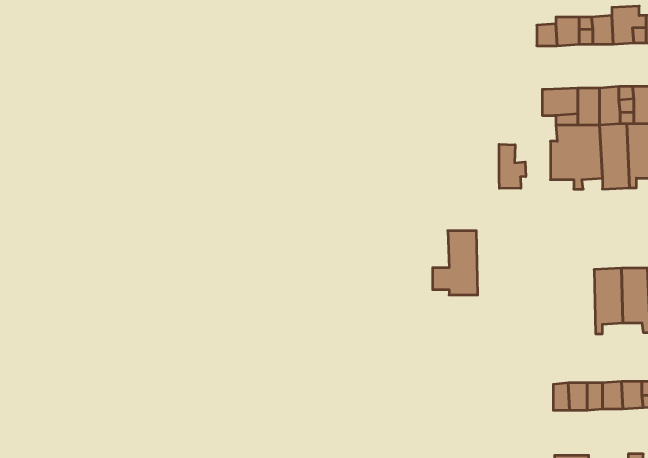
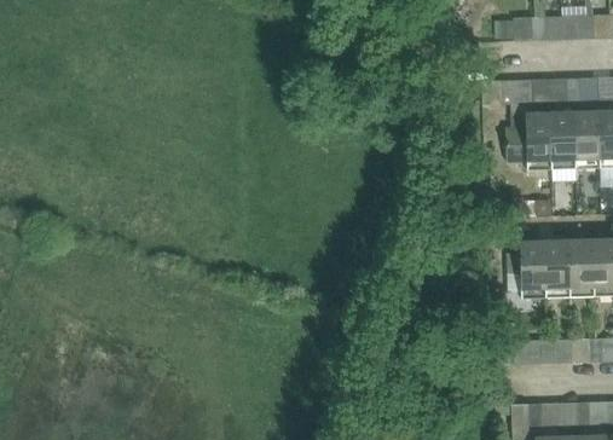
building: [499,144,526,188] -> none
building: [433,231,478,295] -> [510,241,550,297]

